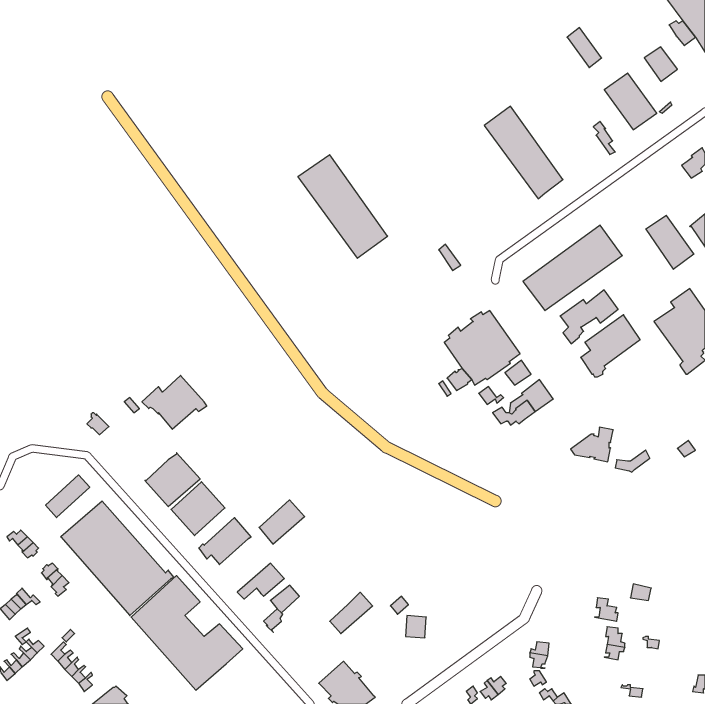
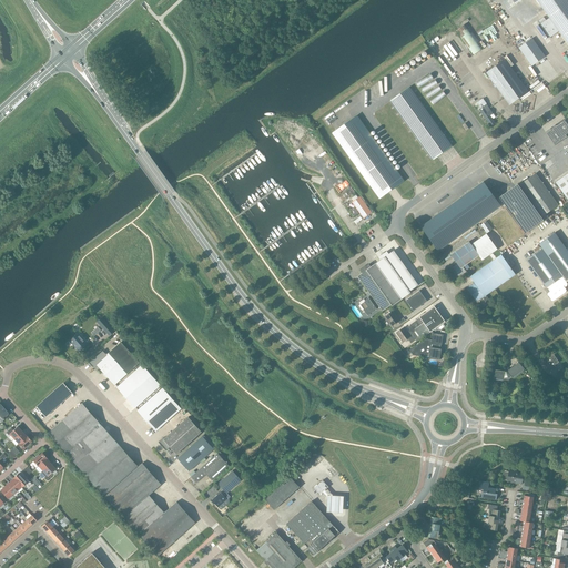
building: [298,155,388,258] -> [332,114,404,197]
building: none -> [499,183,544,233]
building: [142,375,207,429] -> [90,341,142,384]
building: [571,427,613,462] -> [409,332,444,359]
building: [259,500,305,544] -> [178,435,214,470]
building: none -> [286,500,339,555]

